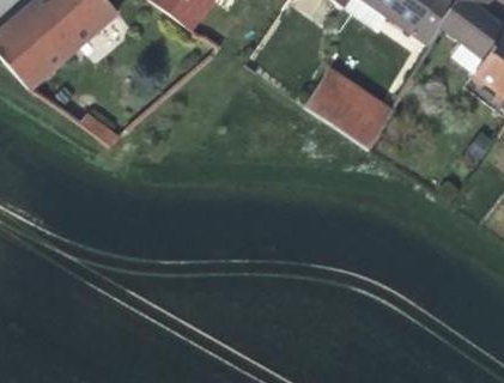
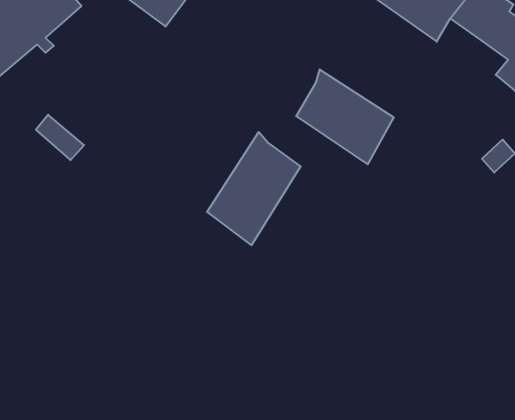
building: none -> [207,132,301,245]

